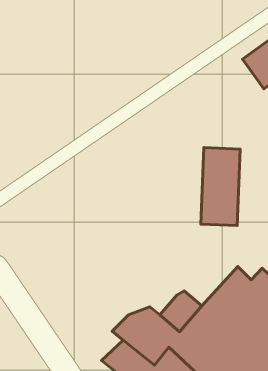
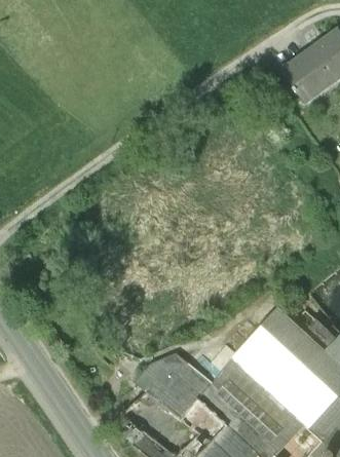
building: [201,148,240,226] -> none

